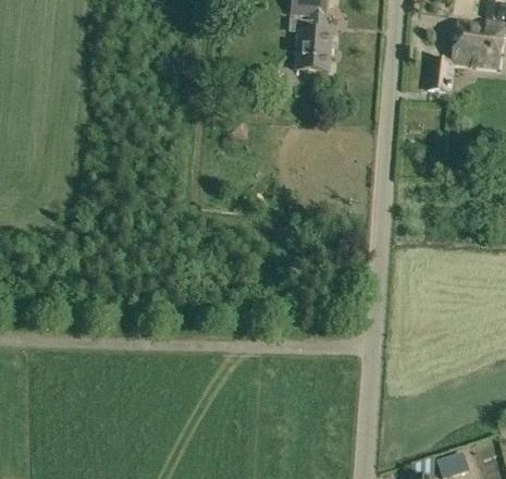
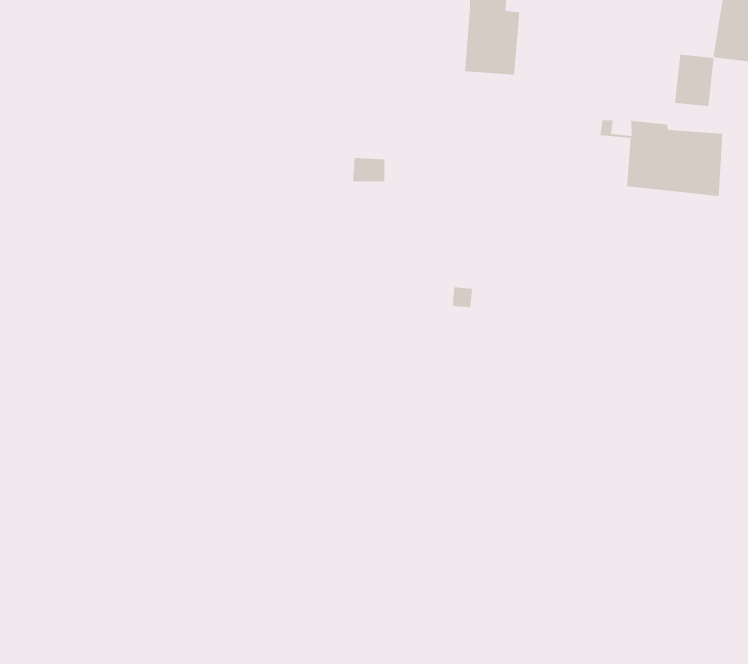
building: none -> [600,119,723,197]

